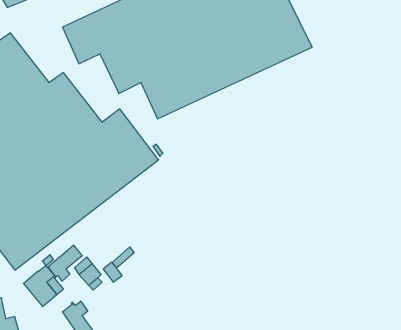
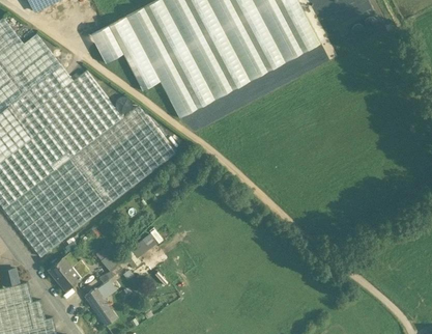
building: [48,245,82,281] -> none

